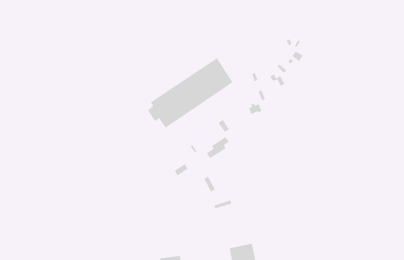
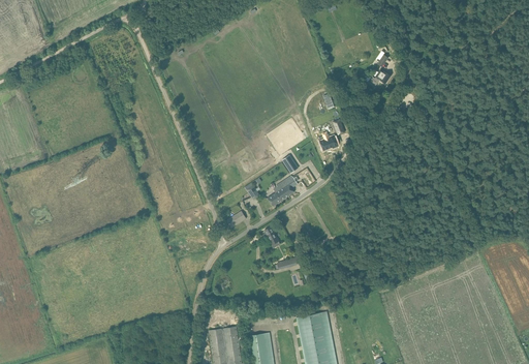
building: [147,57,234,129] -> none

